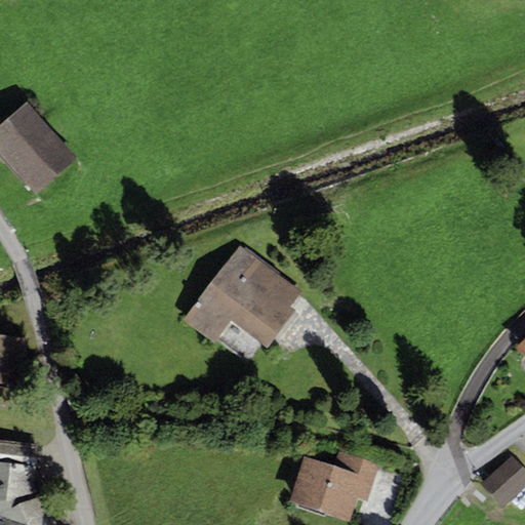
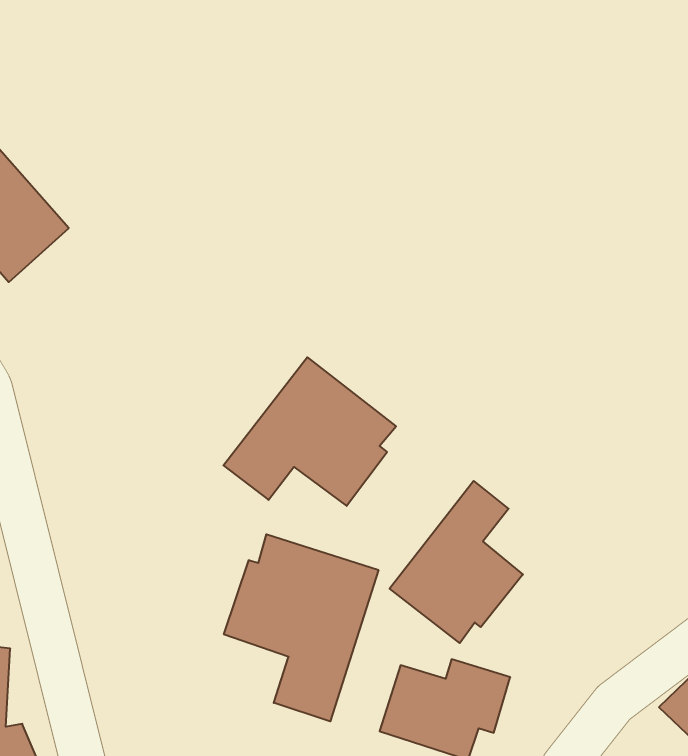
building: none -> [390,481,523,643]
building: none -> [224,534,378,721]

